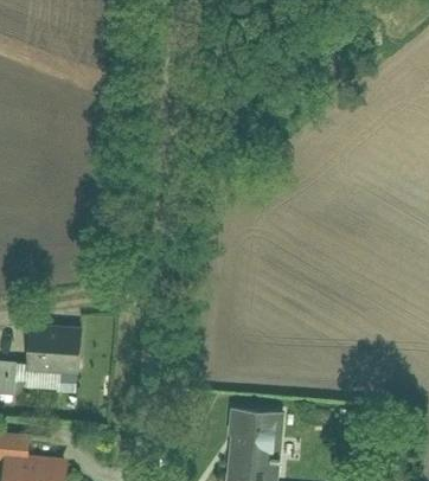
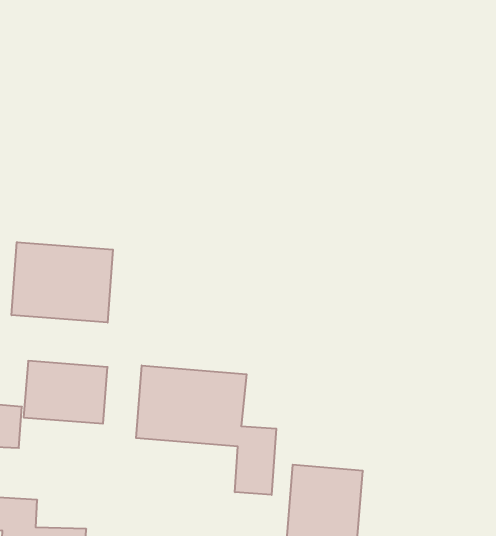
building: none -> [12,242,113,323]
building: none -> [136,365,276,495]

